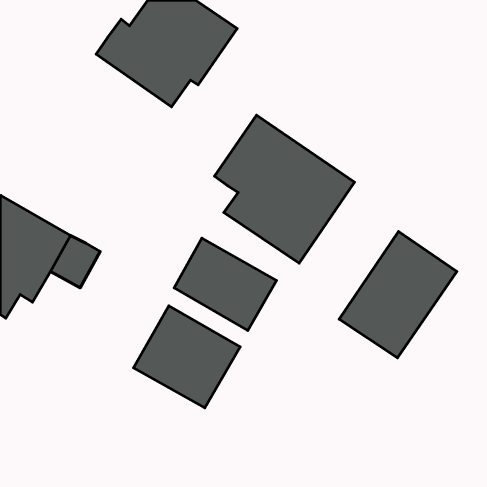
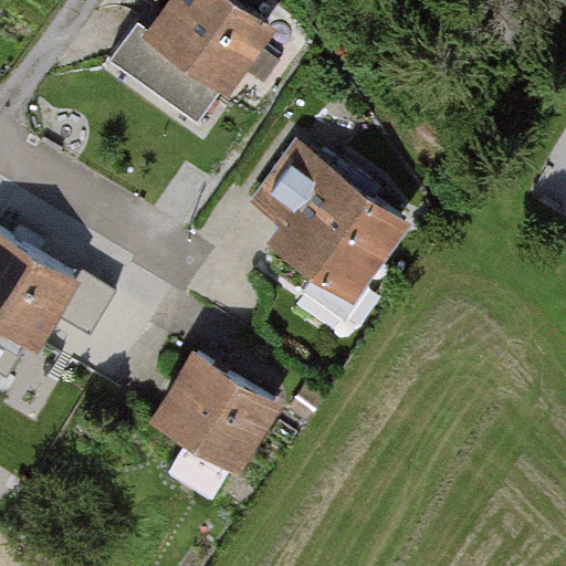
building: [339,232,457,358] -> none
building: [174,238,276,330] -> none

